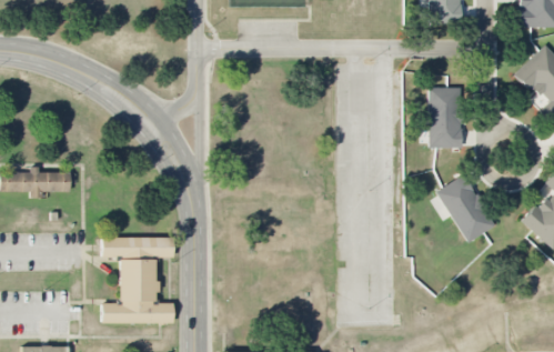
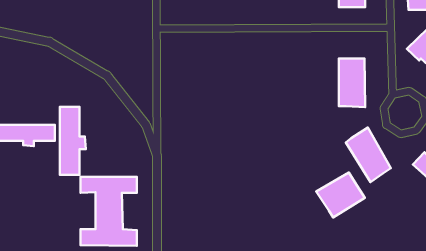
building: none -> [60,107,86,175]
building: none -> [316,172,365,218]

